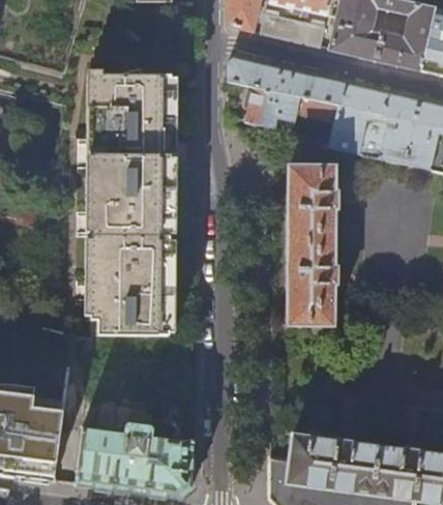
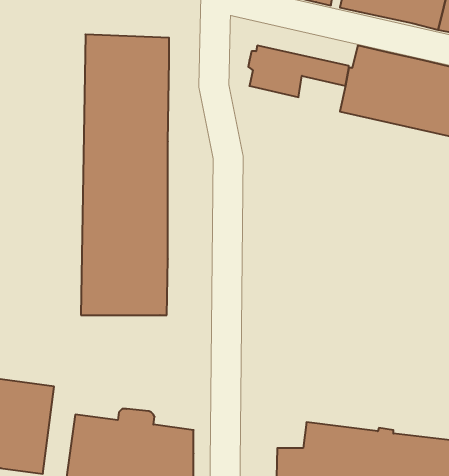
building: [227,59,345,106] -> none
building: [286,166,343,335] -> none

